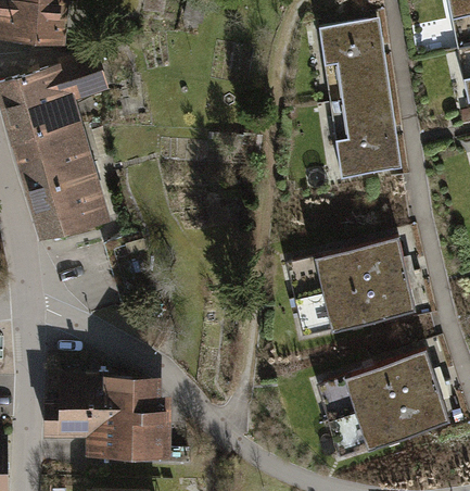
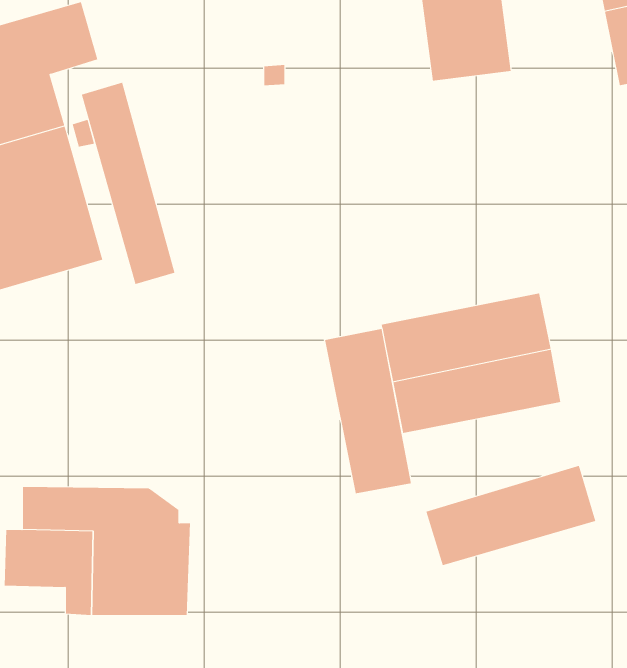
building: [330,97,393,178] -> none
building: none -> [81,82,175,285]
building: none -> [324,328,411,494]
building: [336,392,447,455] -> none

